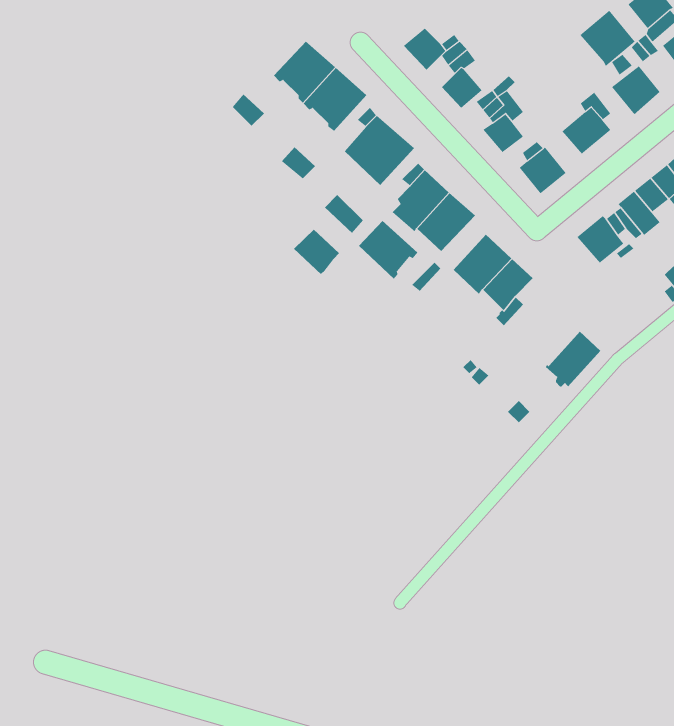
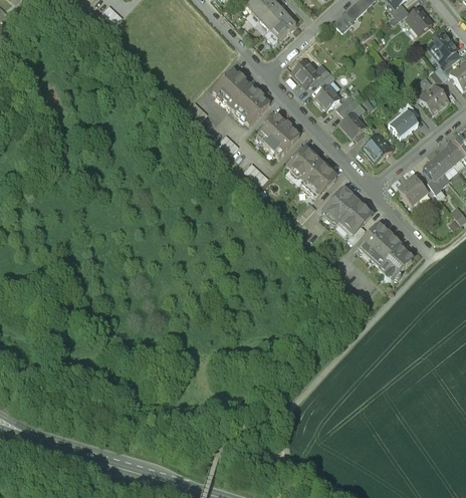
building: [579,10,635,67] -> none
building: [358,220,418,280] -> none
building: [293,229,340,275] -> none
building: none -> [358,223,401,266]

